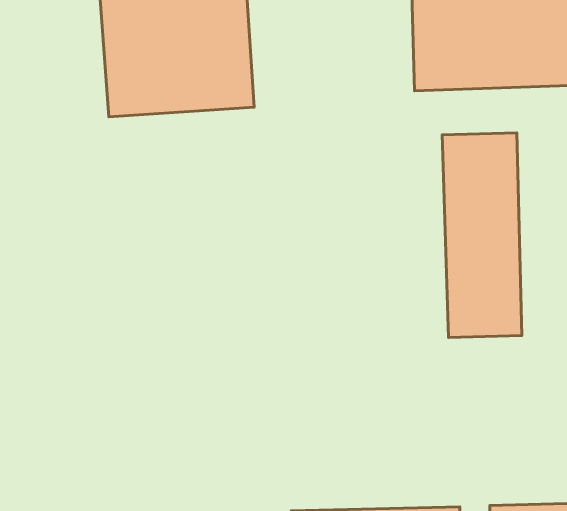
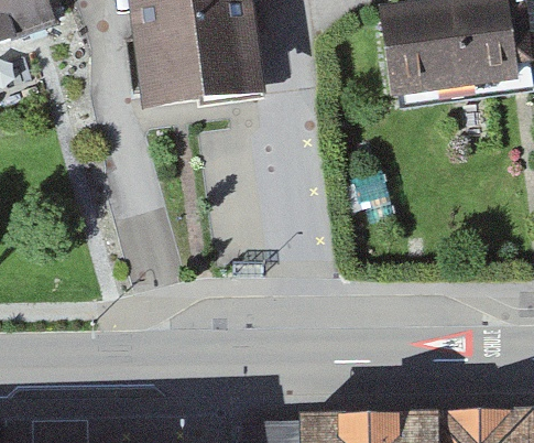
building: [442,133,522,337] -> none

